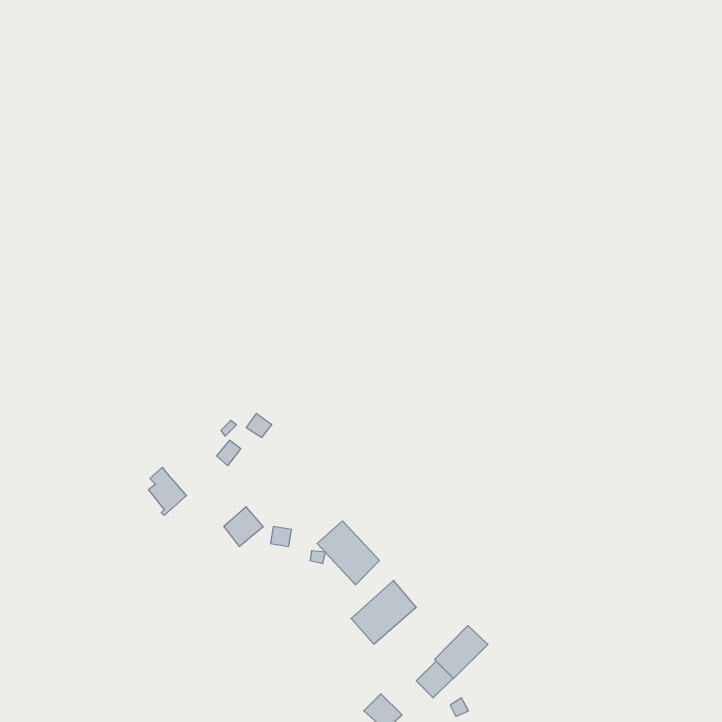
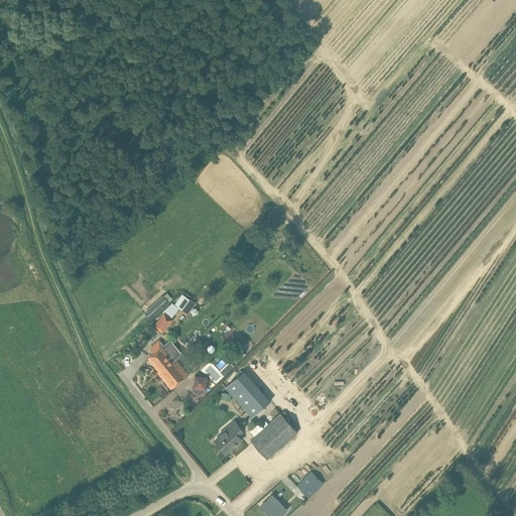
building: [148,467,187,515] -> [148,342,175,376]
building: none -> [214,422,241,455]
building: [435,626,488,679] -> none

